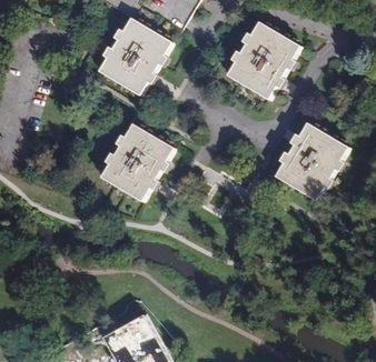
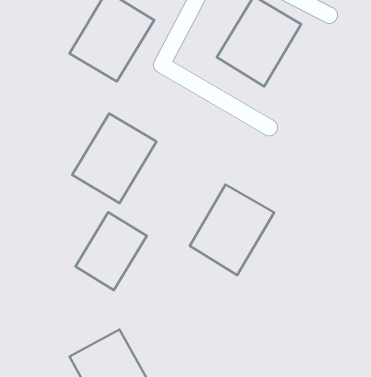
building: [276,123,349,202] -> [190,184,274,275]
building: none -> [75,212,147,290]

